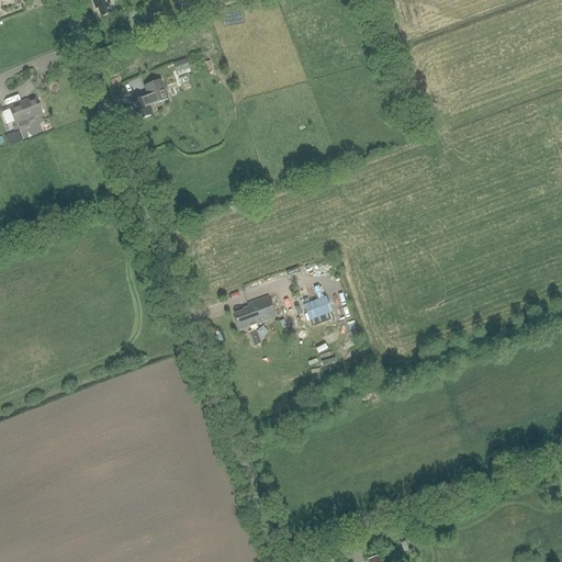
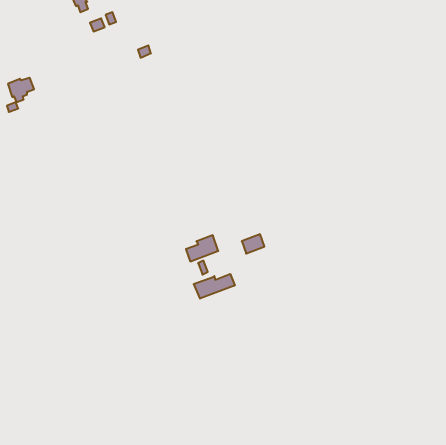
building: [131,78,168,119] -> none
building: none -> [194,274,235,299]

